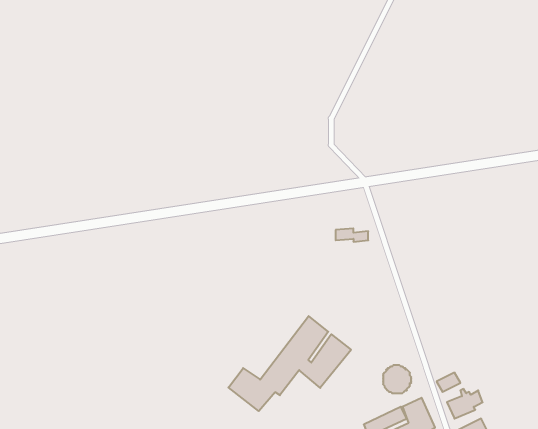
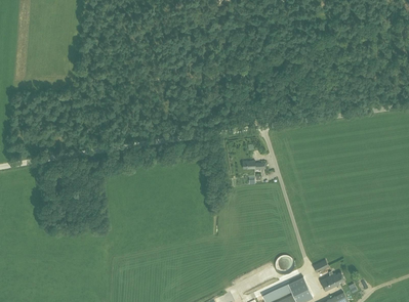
building: [228,316,351,411] -> none

